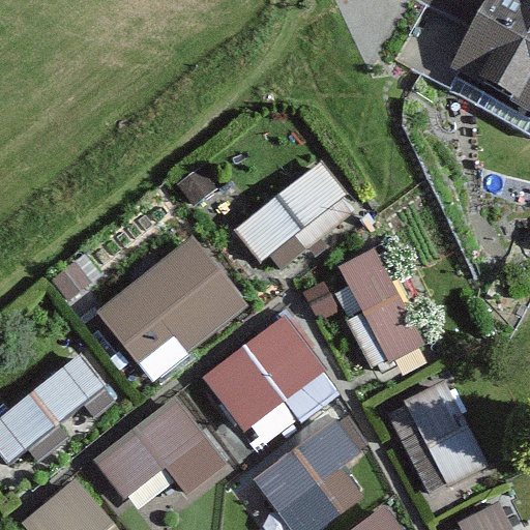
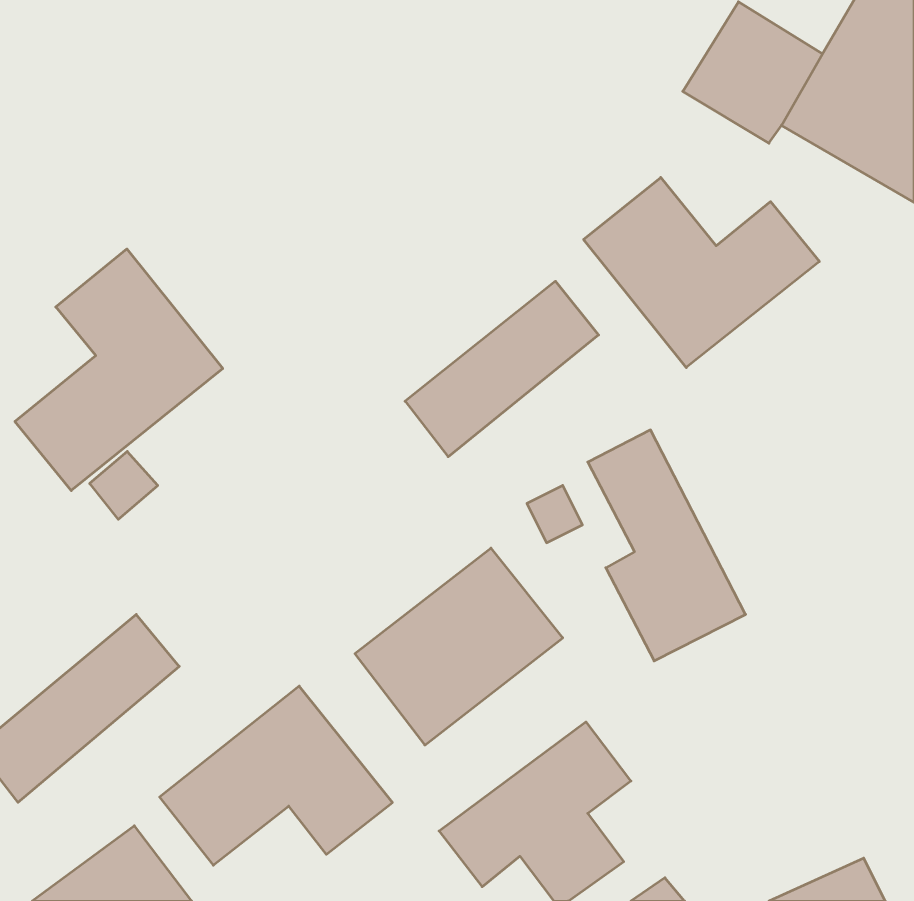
building: none -> [584,177,819,368]
building: none -> [15,249,223,491]
building: [97,238,247,383] -> none
building: [388,380,490,496] -> none

